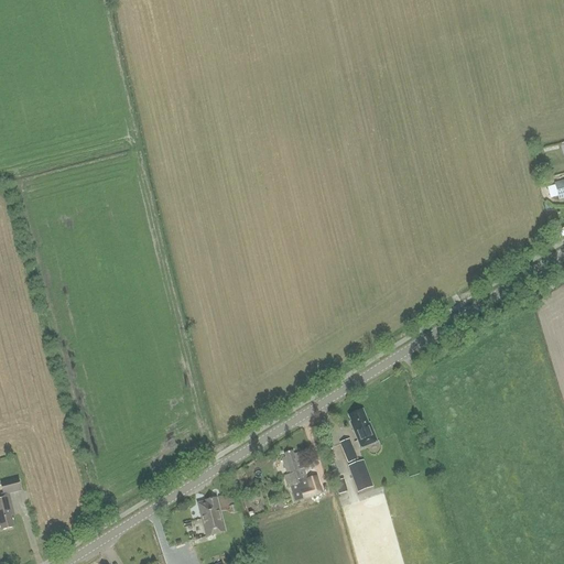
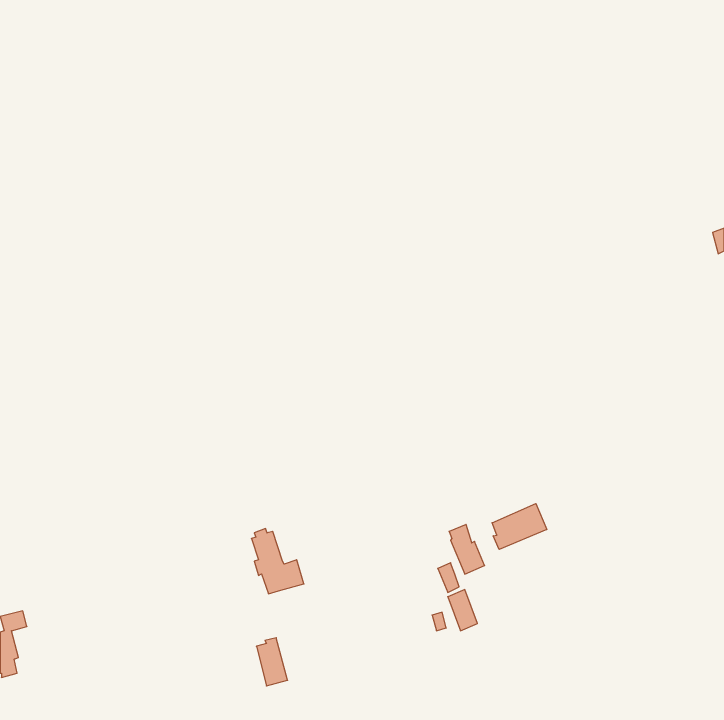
building: none -> [492,504,547,549]
building: [282,448,323,499] -> [251,529,304,594]

